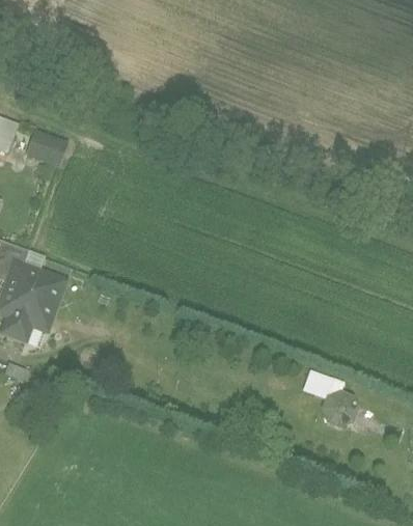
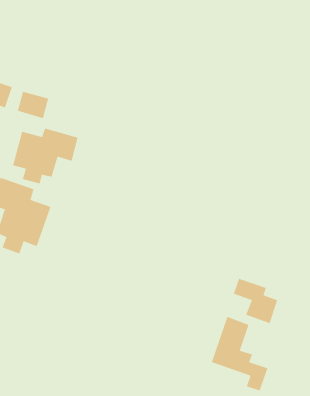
building: none -> [12,128,79,185]
building: none -> [211,316,269,392]

